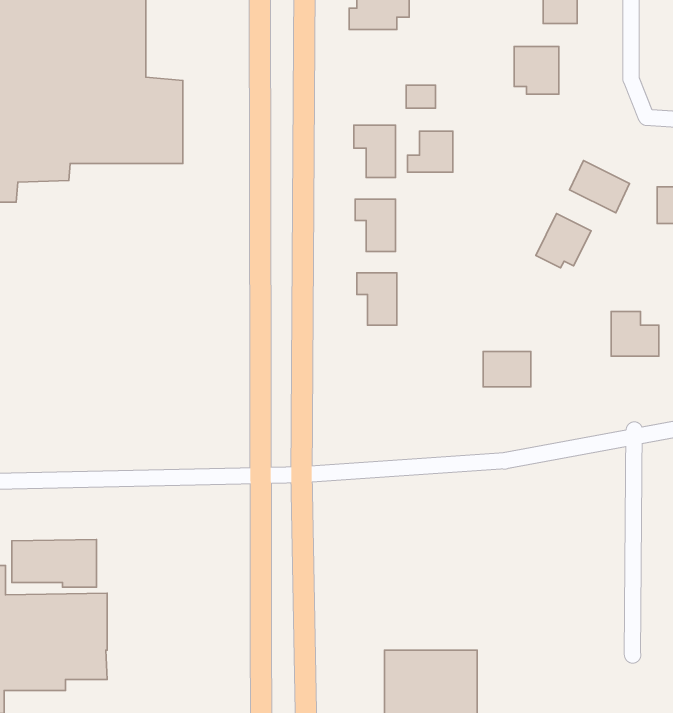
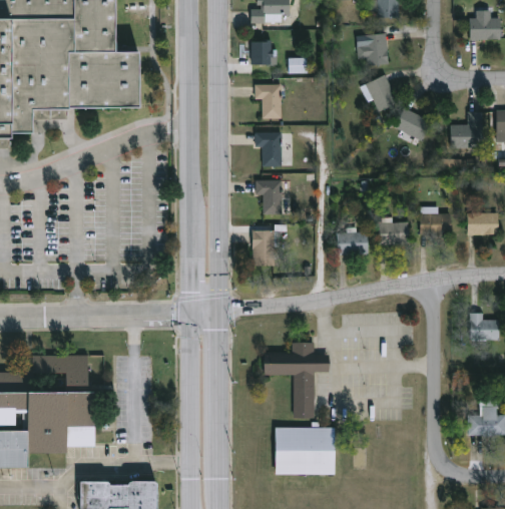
building: none -> [250,41,275,64]
building: none -> [367,75,397,111]
building: [407,131,453,172] -> none
building: [536,214,591,268] -> none
building: none -> [379,222,408,245]
building: none -> [252,230,277,267]
building: none -> [264,341,329,418]

